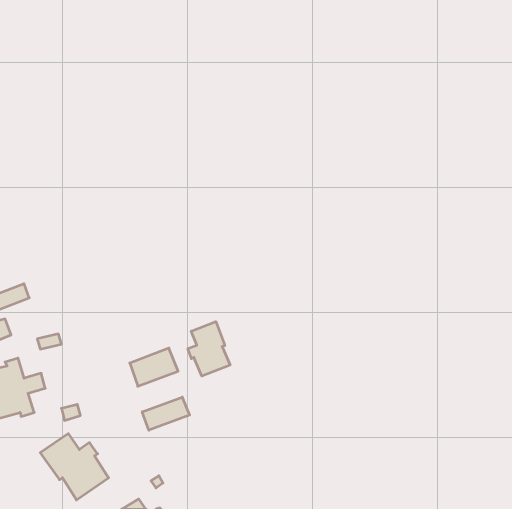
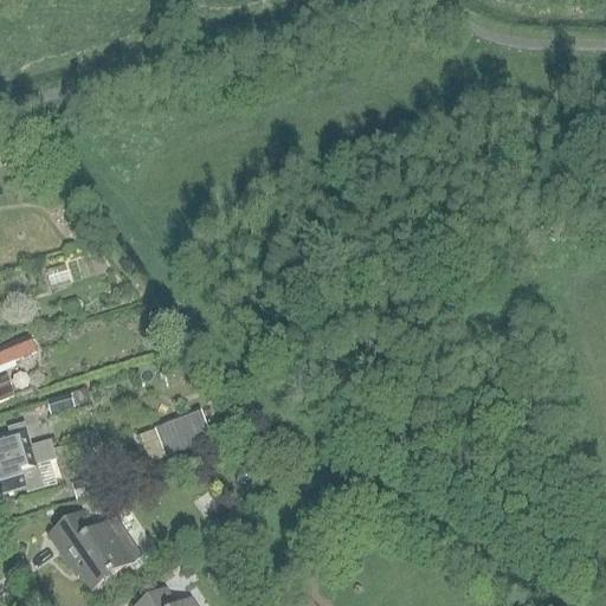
building: [188,322,230,376] -> none
building: [142,397,190,430] -> none

